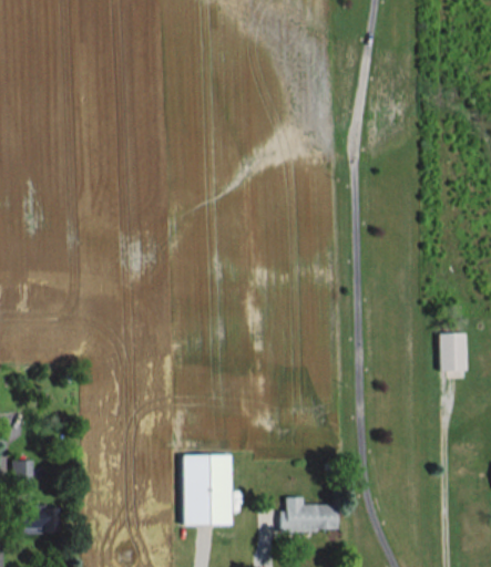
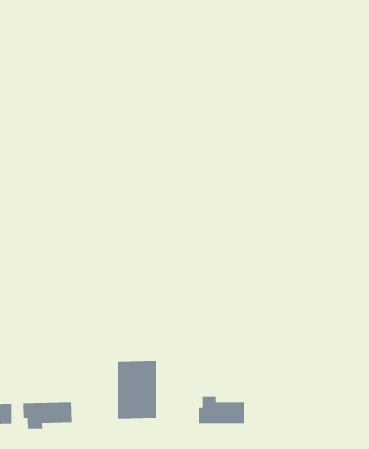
building: [440,333,469,372] -> none
building: none -> [23,402,72,429]

